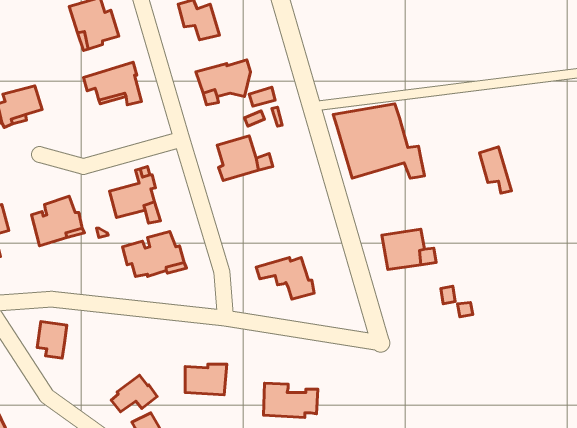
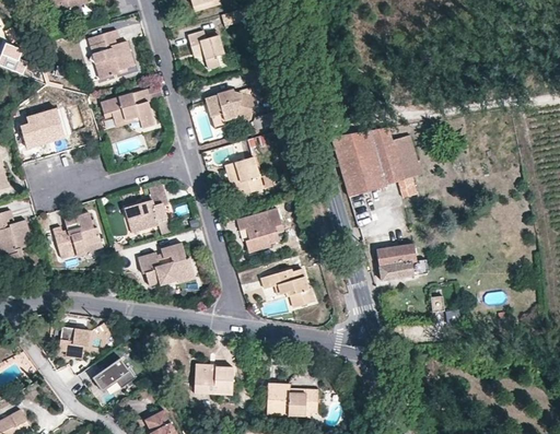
building: [480,147,512,193] -> [393,133,422,176]
building: none -> [236,211,283,251]
building: [111,375,157,412] -> [94,359,137,392]

